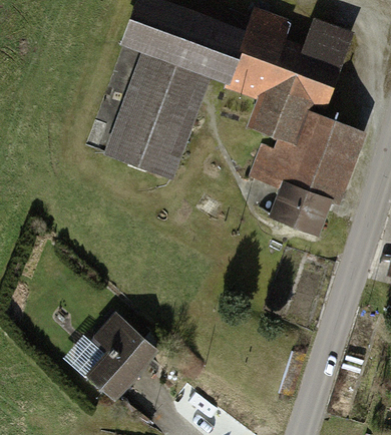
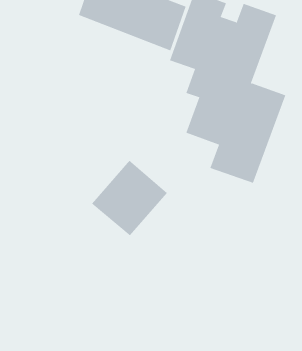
building: [98,52,208,179] -> none
building: [75,310,164,399] -> [91,160,168,236]

